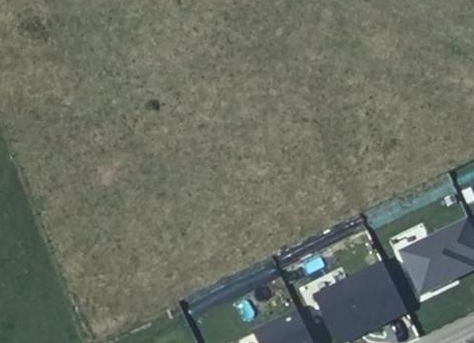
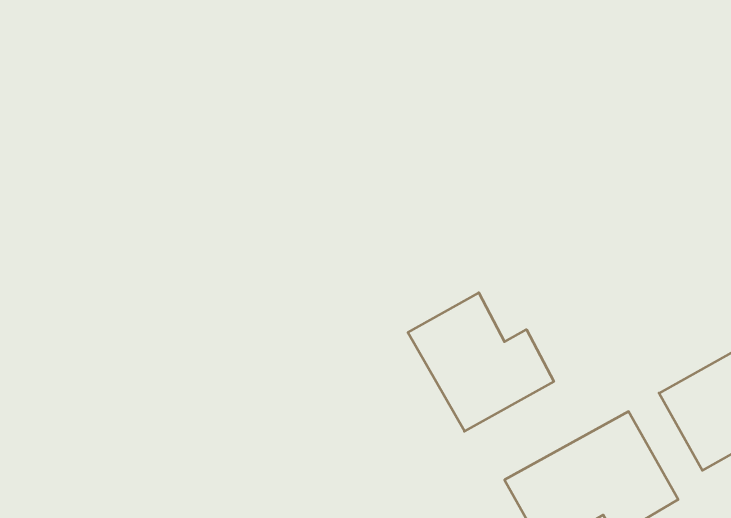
building: none -> [408,293,554,431]

